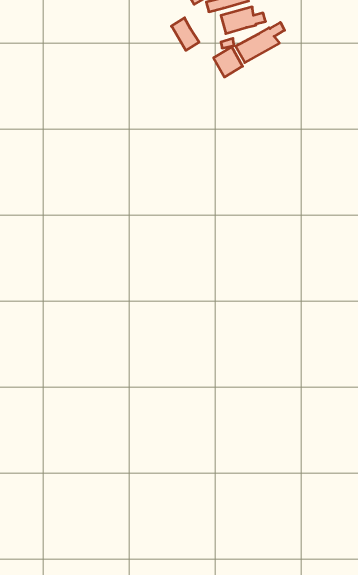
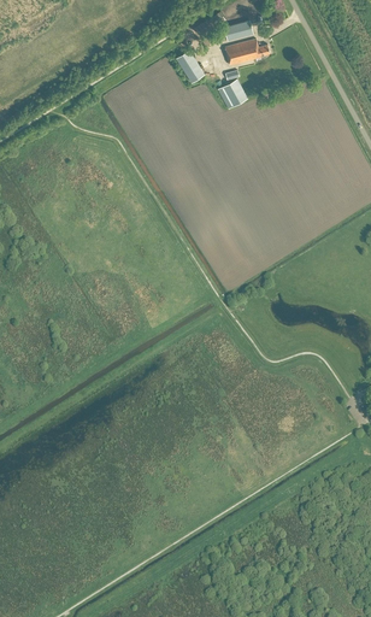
building: [236,22,285,63] -> none

